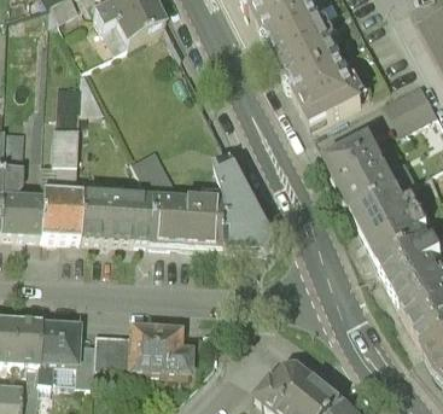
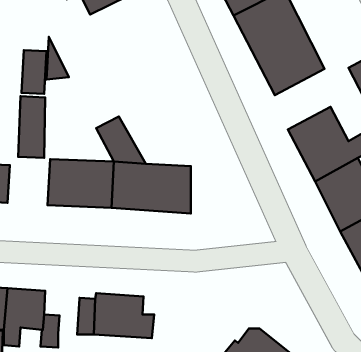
building: [214,153,275,246] -> none
building: [39,187,82,237] -> none
building: [91,331,112,368] -> none

